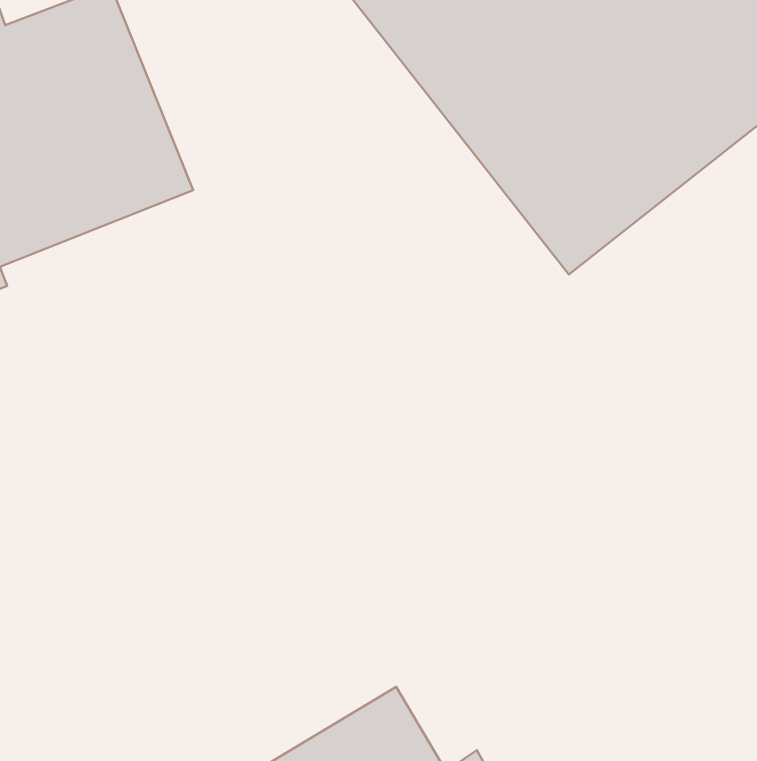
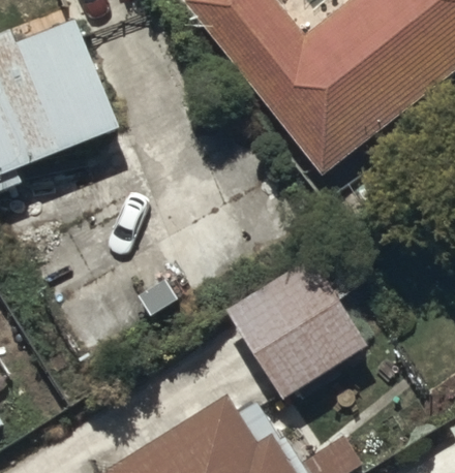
building: none -> [220,238,367,385]

